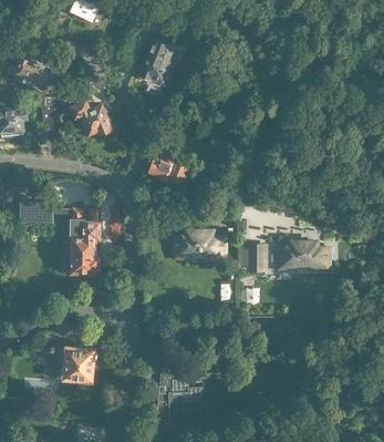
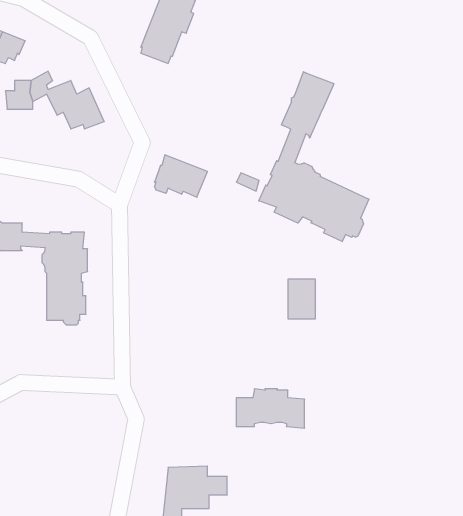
building: none -> [259,72,369,242]
building: [174,232,224,260] -> [236,389,305,428]
building: [278,243,328,270] -> none
building: [56,346,96,382] -> none

